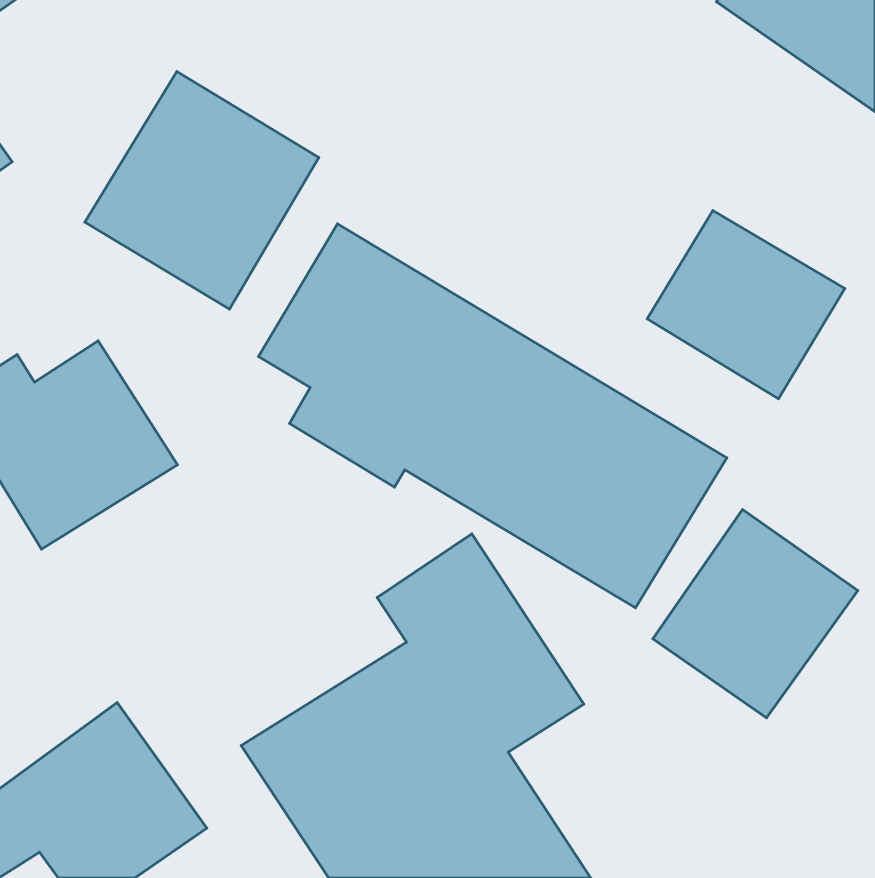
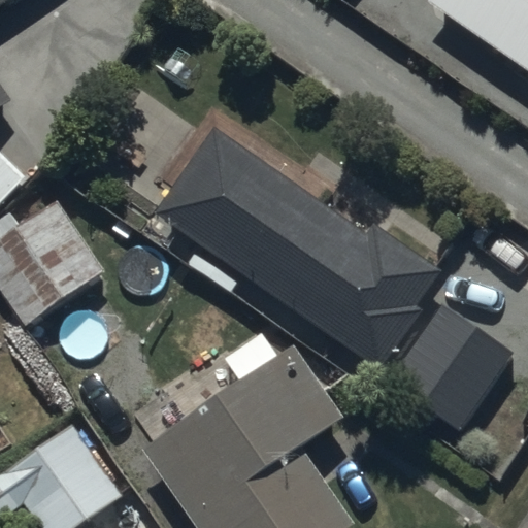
building: [85,71,319,309] -> none
building: [647,211,845,399] -> none

